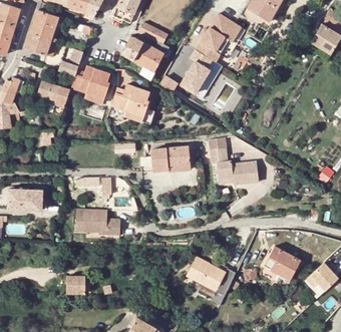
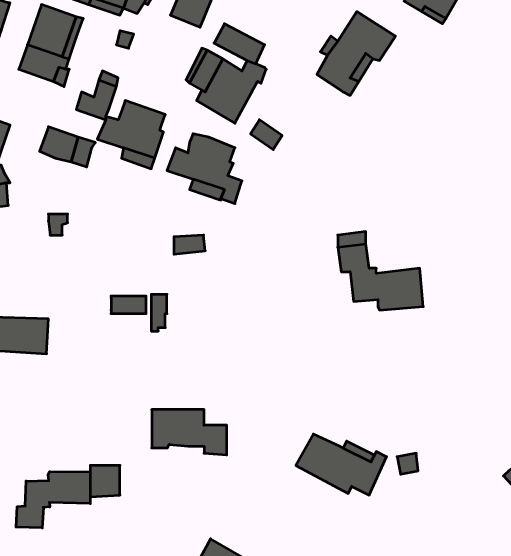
building: [181,50,212,93] -> none
building: [139,145,189,173] -> none
building: [76,210,119,236] -> [152,410,227,455]
building: [263,246,300,280] -> none
building: none -> [16,471,90,528]

